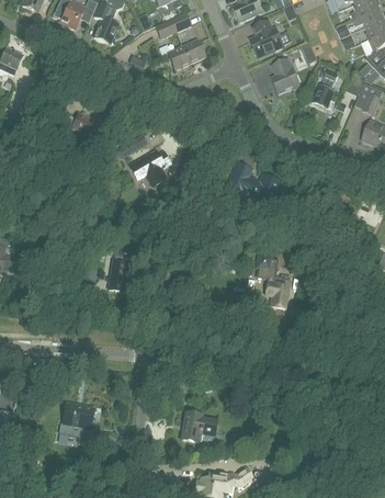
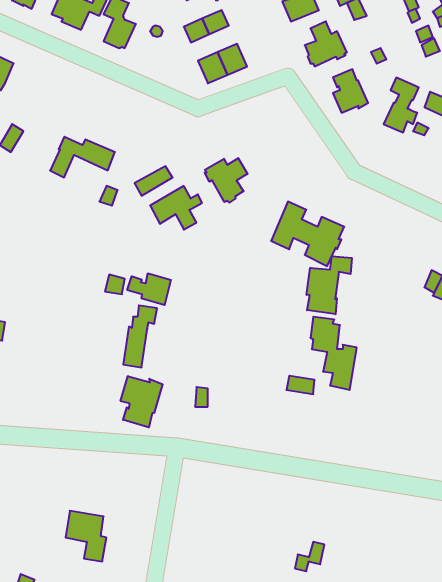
building: none -> [205,158,248,203]
building: none -> [307,256,352,314]
building: none -> [127,273,171,305]
building: none -> [121,376,163,427]
building: [182,414,217,440] -> none

